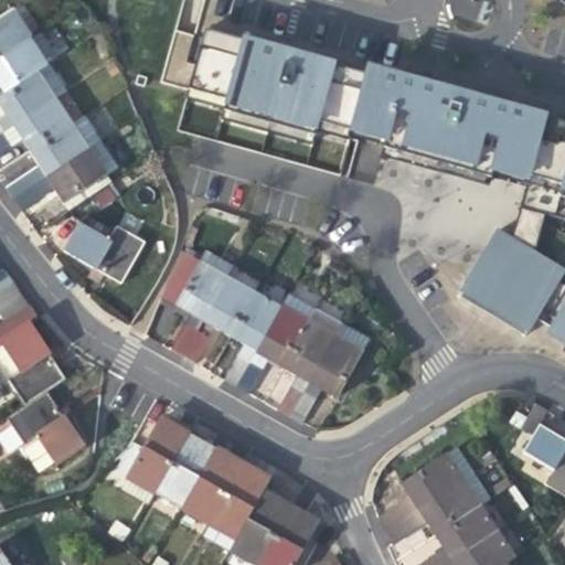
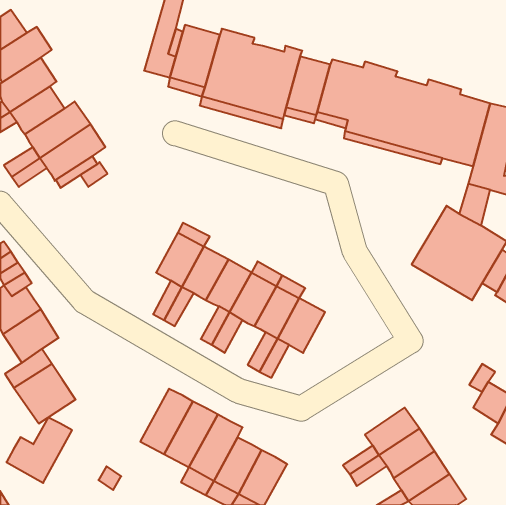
building: [65,220,146,281] -> none
building: [117,417,190,490] -> [6,417,72,483]

